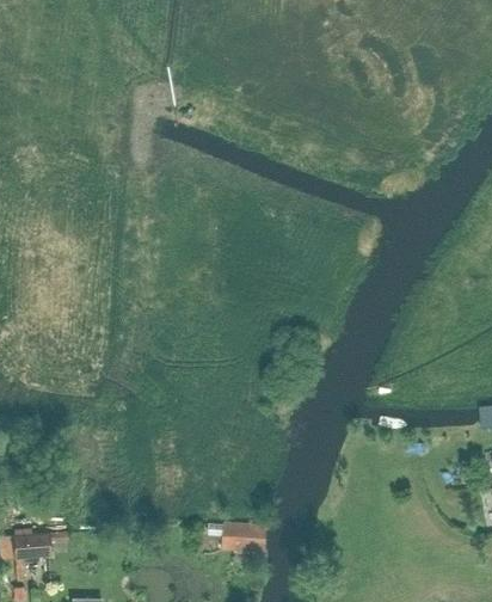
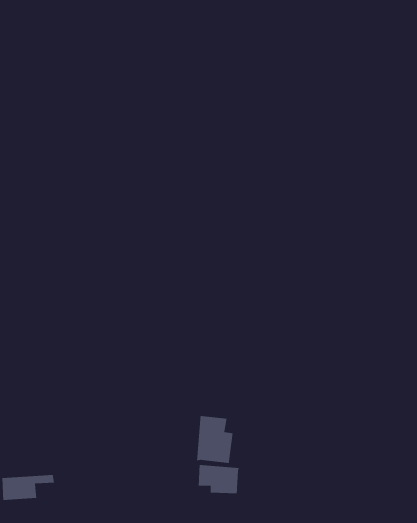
building: none -> [196,415,233,464]

